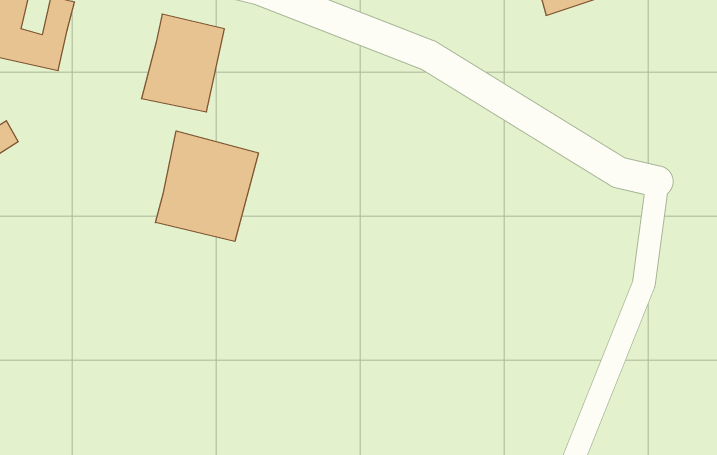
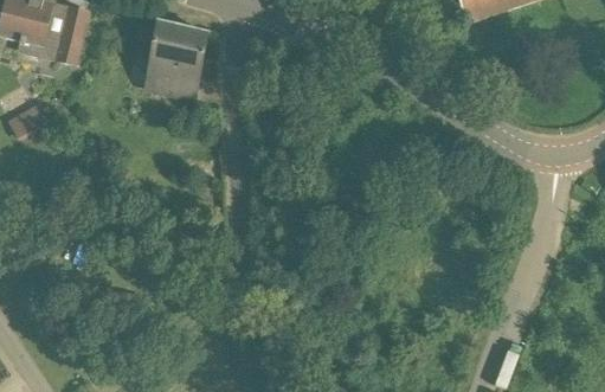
building: [155,131,259,241] -> none

